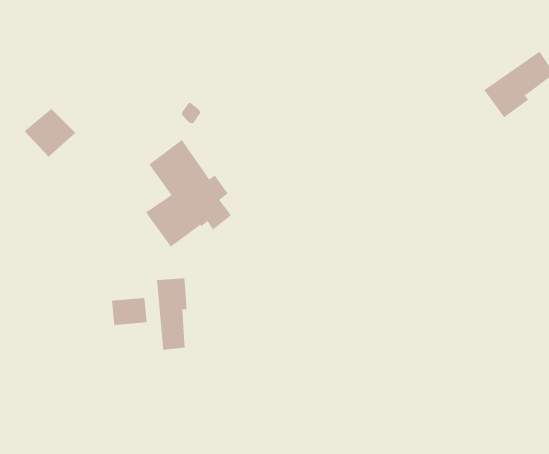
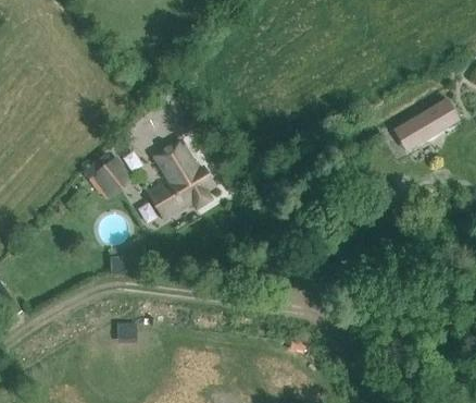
building: [24,108,76,158] -> [92,160,130,196]
building: [157,278,187,350] -> none

